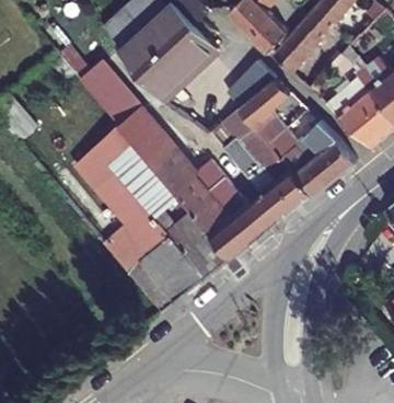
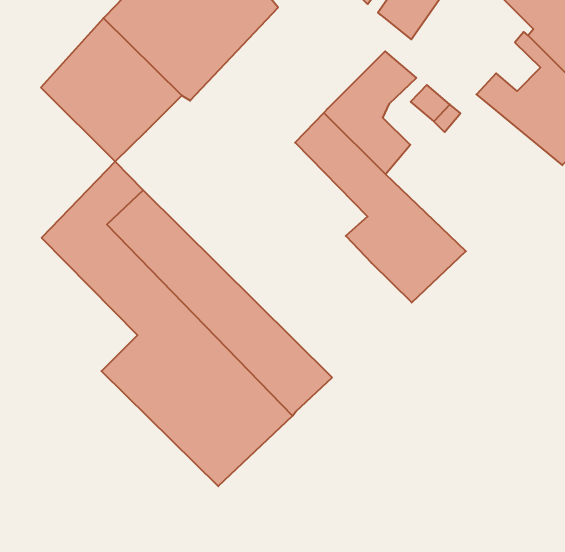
building: [224,61,276,107] -> none
building: [119,112,279,258] -> none
building: [270,120,357,196] -> none

